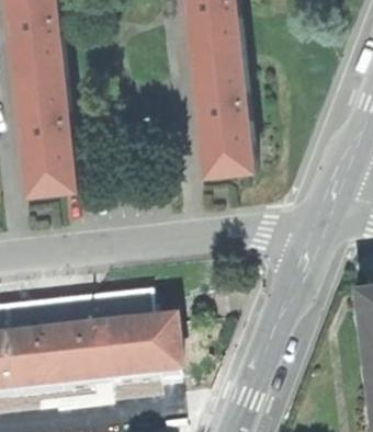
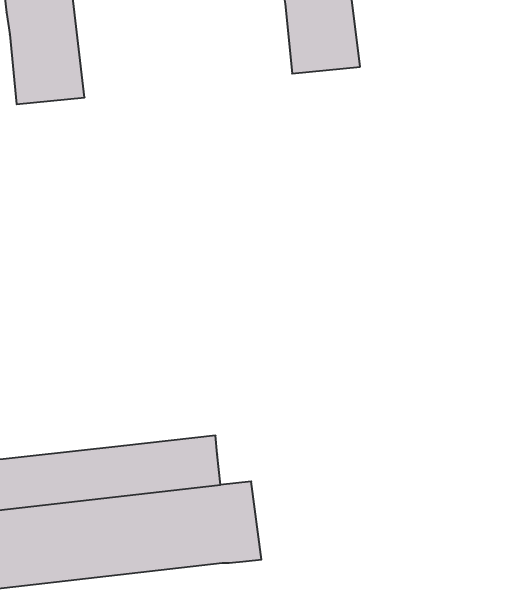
building: [199,53,256,173] -> none
building: [21,72,78,192] -> none

